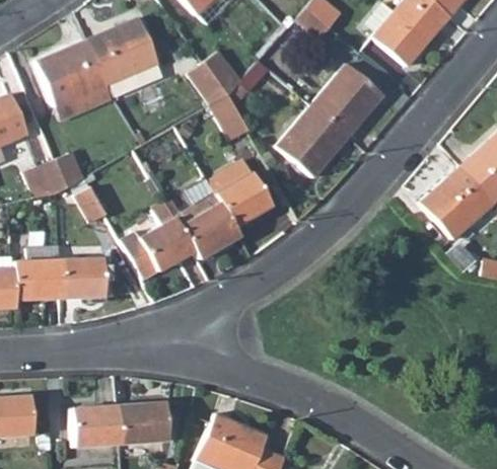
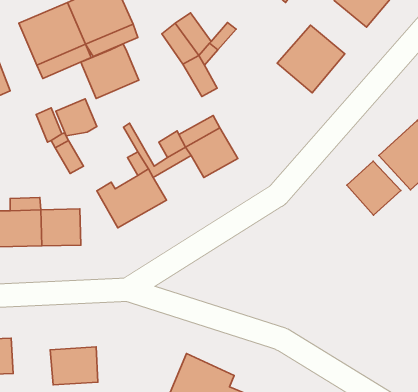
building: none -> [81,44,139,99]
building: [277,103,350,176] -> none
building: [24,158,68,198] -> [56,99,97,136]
building: [181,202,240,257] -> none
building: none -> [347,161,401,215]
building: [120,402,167,443] -> none

